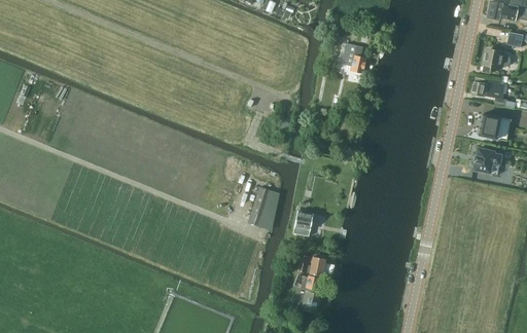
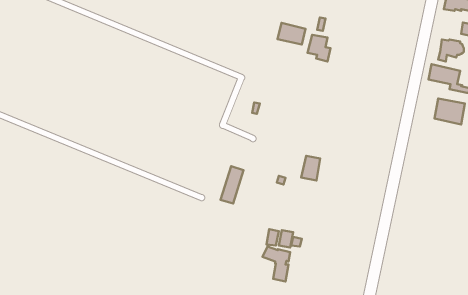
building: none -> [277,23,306,44]
building: [473,148,502,174] -> none
building: [293,210,314,236] -> [301,156,320,180]

